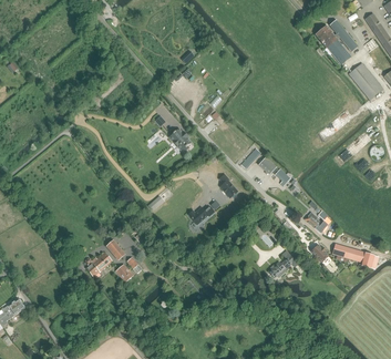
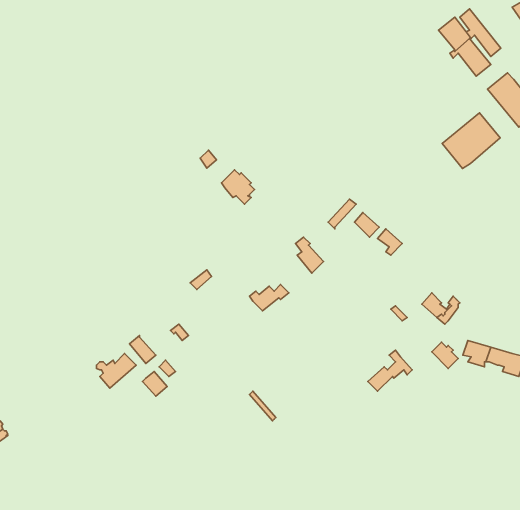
building: none -> [442,113,500,169]

